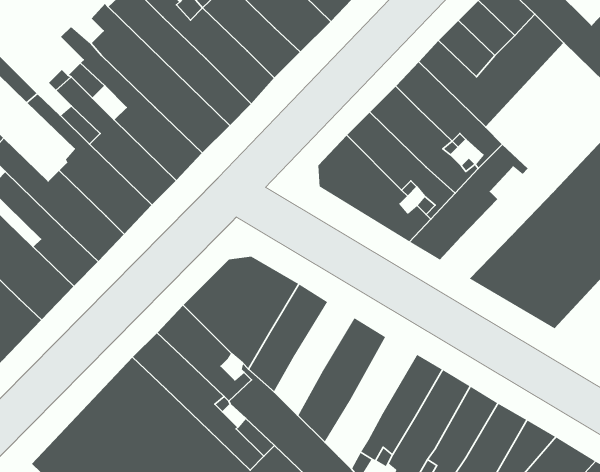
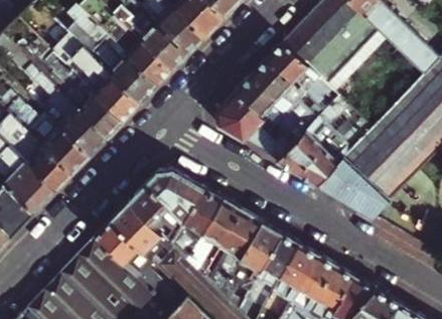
building: none -> [296,113,371,185]
building: none -> [187,200,240,275]
building: none -> [220,223,281,302]

